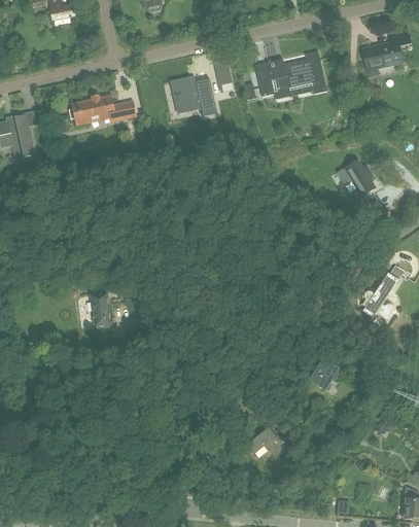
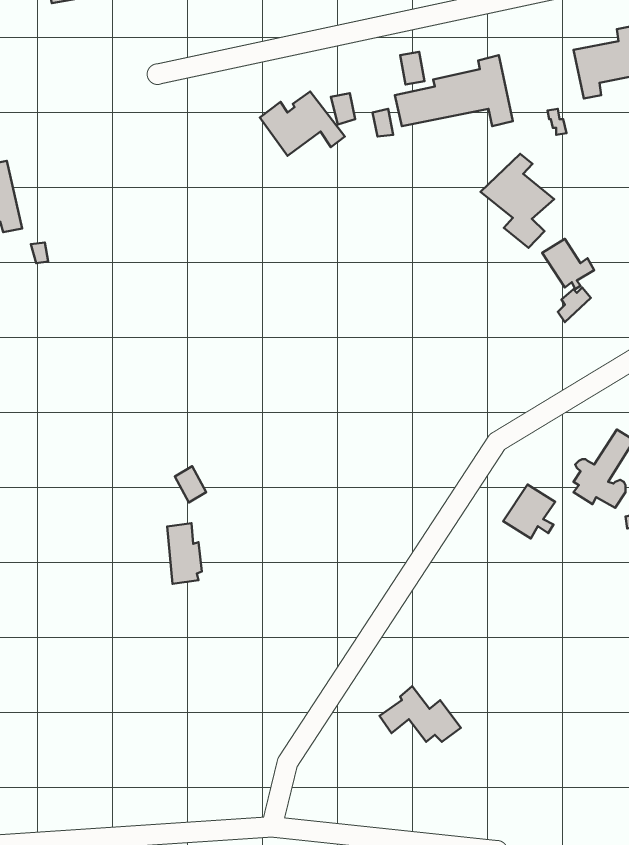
building: [67,94,136,124] -> none
building: none -> [481,154,554,248]
building: [91,291,111,327] -> [167,523,202,584]
building: [308,357,339,389] -> [503,485,555,538]

